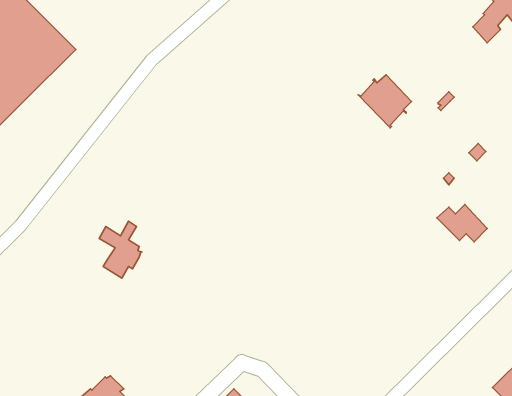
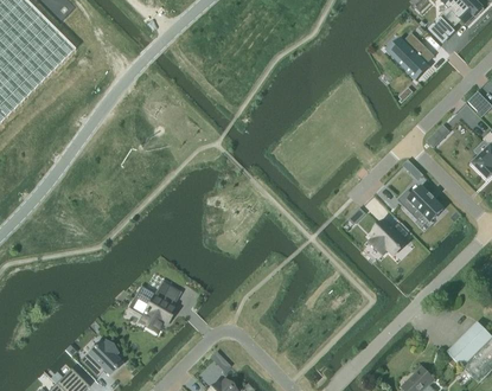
building: [358,75,411,128] -> [386,32,434,79]
building: [99,221,142,278] -> [136,281,174,332]
building: none -> [370,220,409,254]

